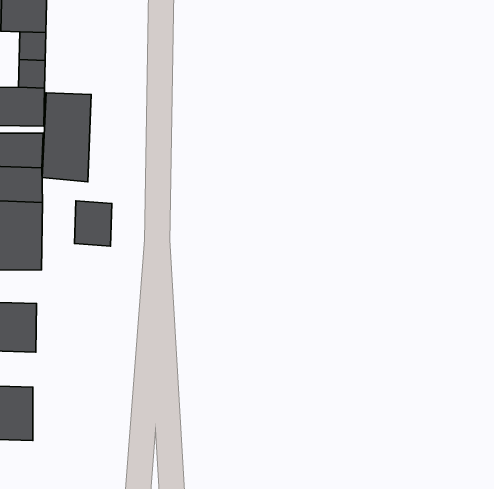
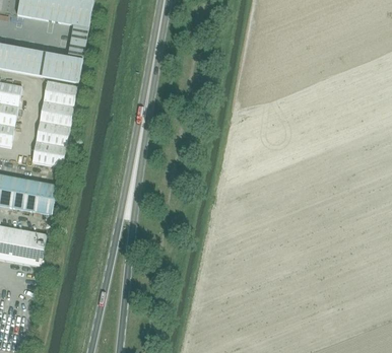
building: [42,93,91,182] -> none
building: [74,201,112,246] -> none

